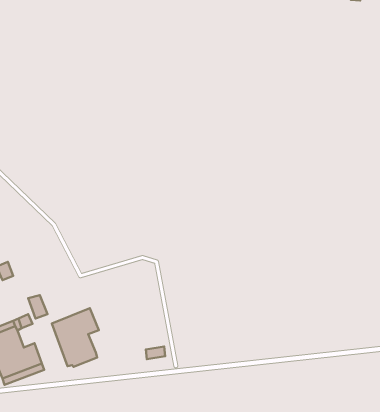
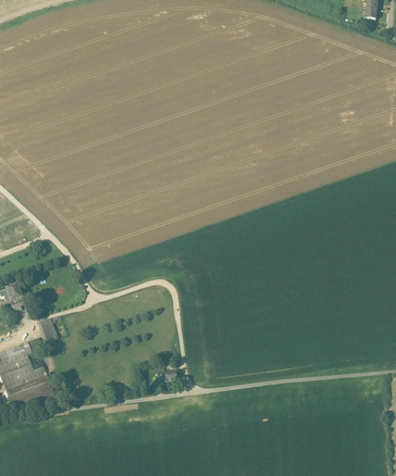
building: [52,308,99,367] -> none

